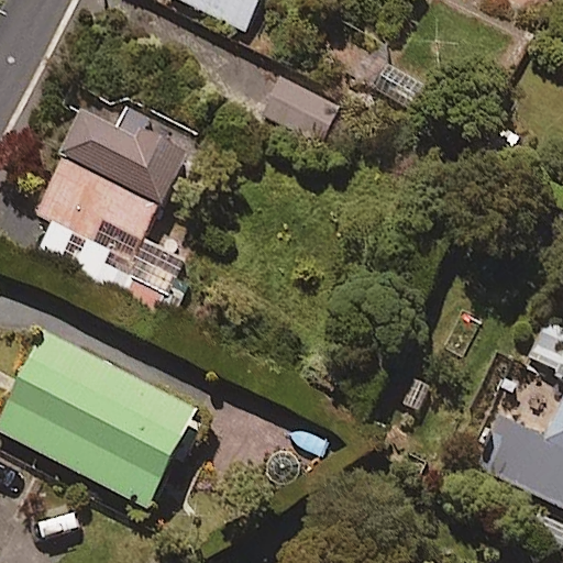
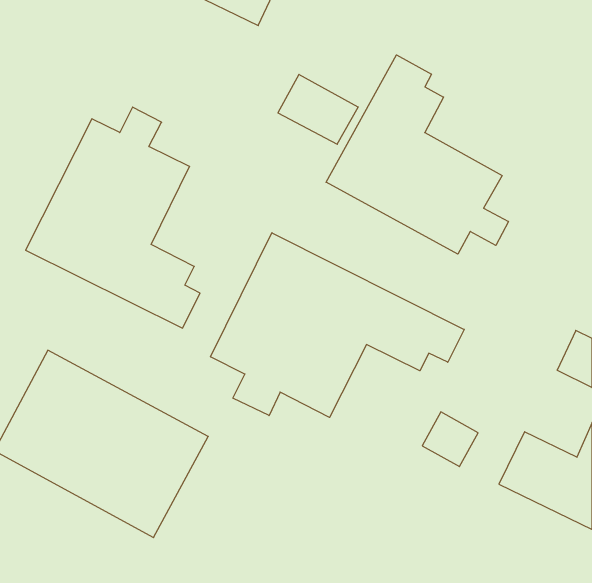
building: none -> [326,55,508,254]
building: none -> [211,233,464,417]

